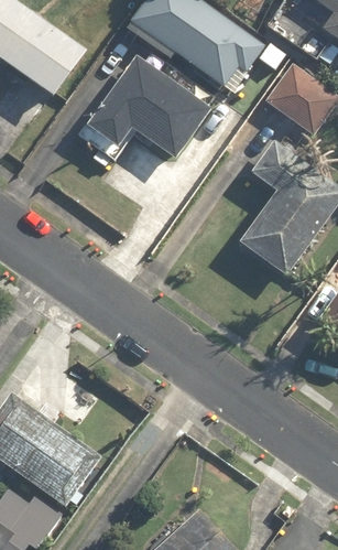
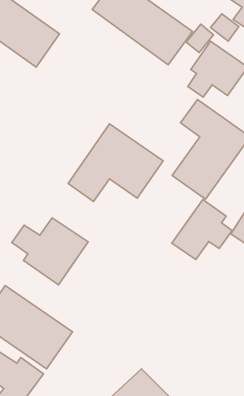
building: [79,55,208,161] -> [68,124,163,201]
building: none -> [172,199,232,260]
building: none -> [12,218,88,285]

